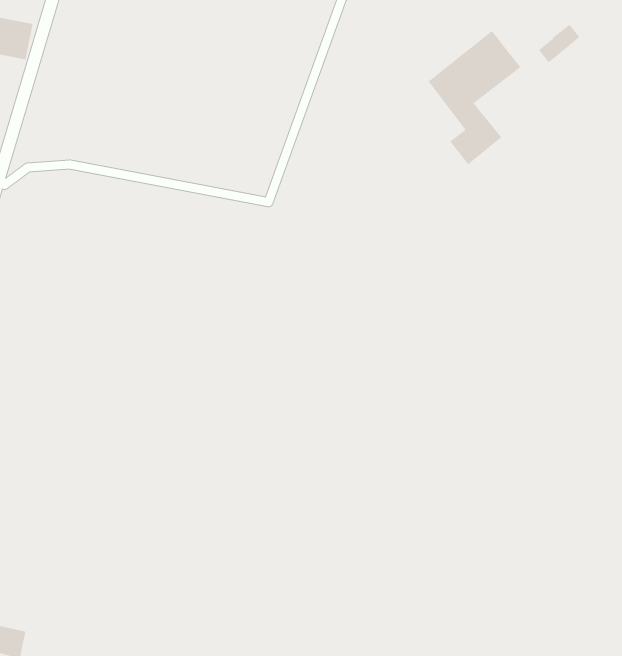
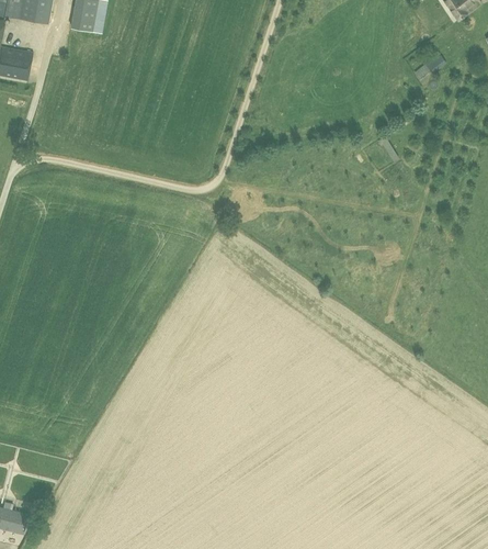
building: [428,30,521,165] -> none

